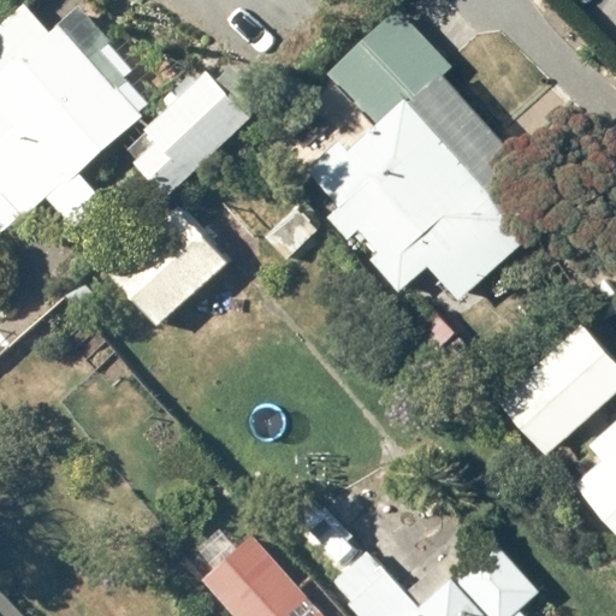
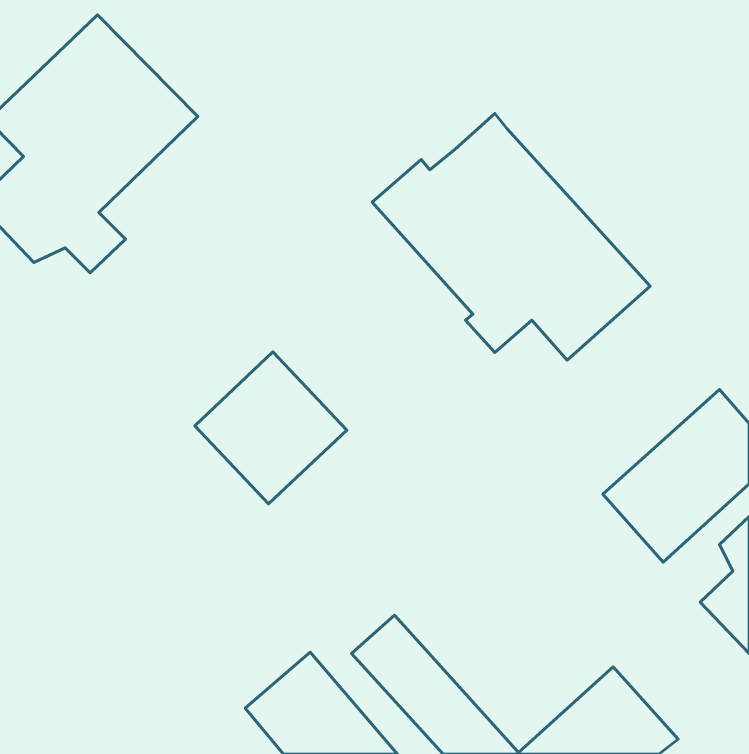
building: [327,12,450,122] -> none
building: [125,70,253,199] -> none
building: [101,201,225,325] -> [195,352,347,504]

